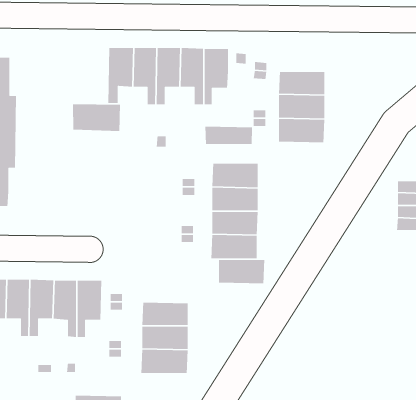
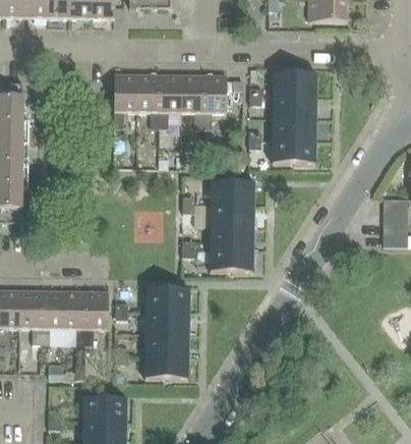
building: none -> [273,72,316,96]
building: [72,104,121,132] -> none
building: [205,126,253,145] -> none
building: [218,259,265,284] -> [145,288,189,312]

